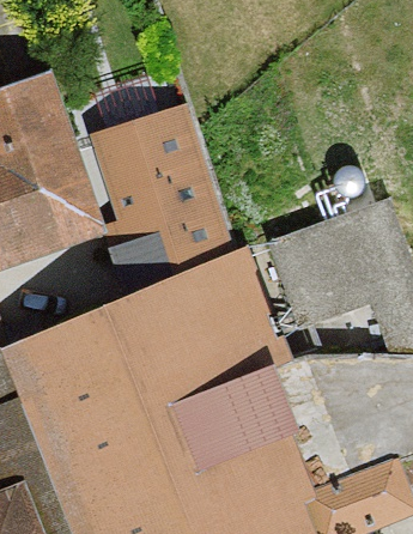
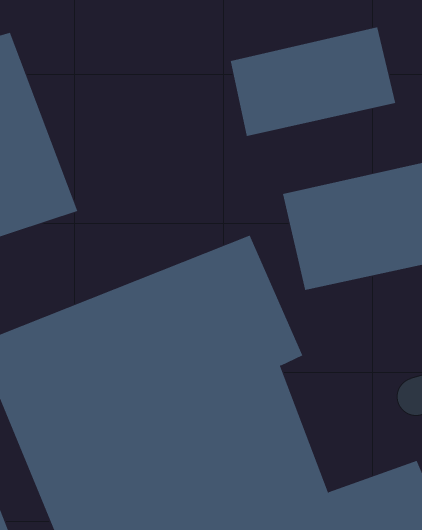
building: none -> [230,26,396,137]
building: [85,115,219,272] -> none

